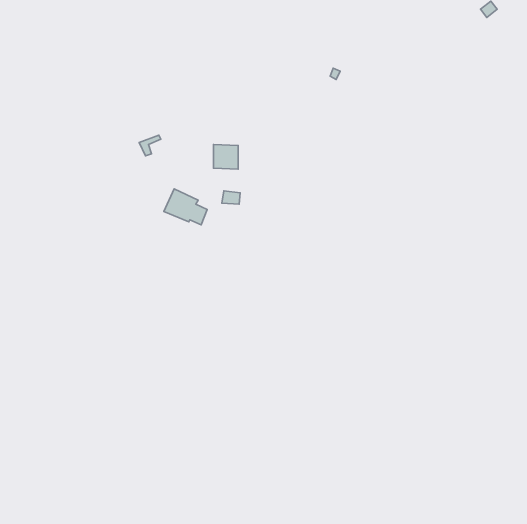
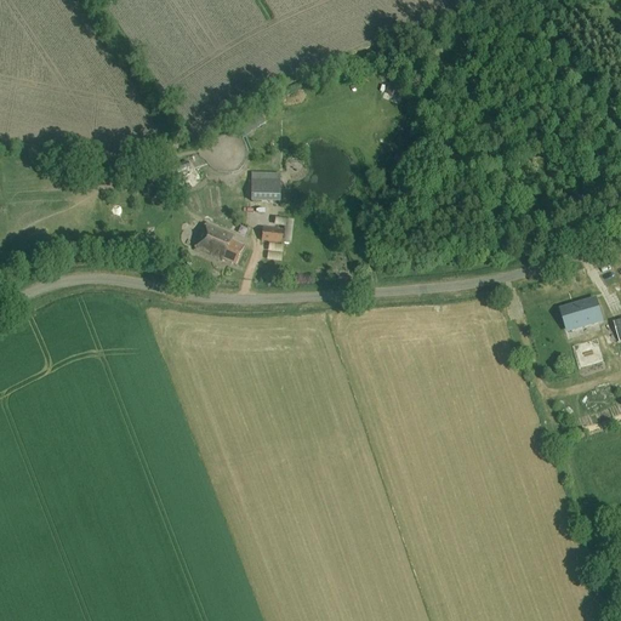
building: none -> [560,298,602,327]

